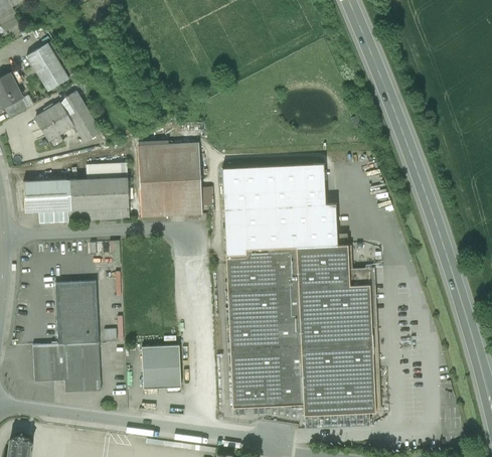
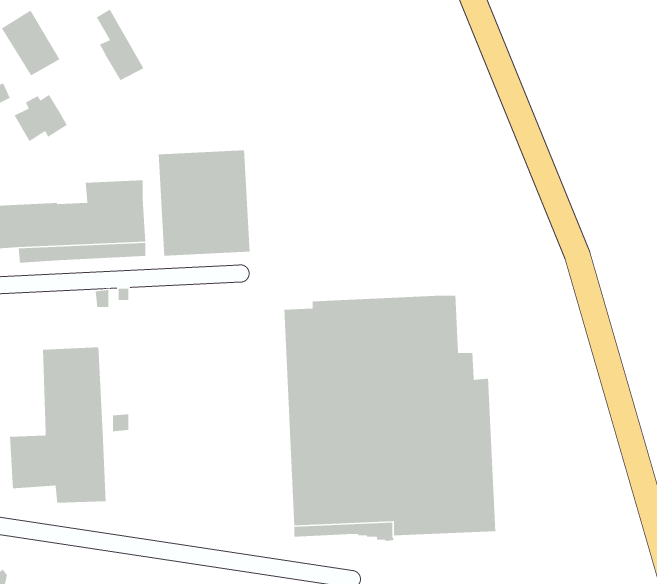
building: [66,91,101,142] -> [96,8,144,81]
building: [221,163,337,255] -> none
building: [141,345,181,389] -> none

